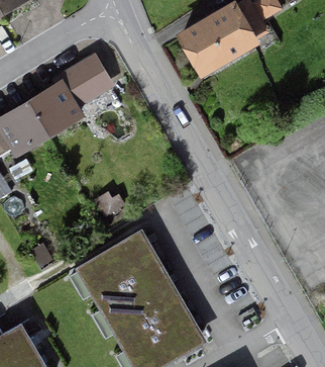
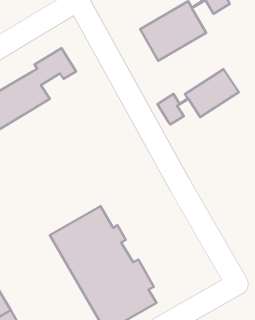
building: none -> [157,69,239,125]

